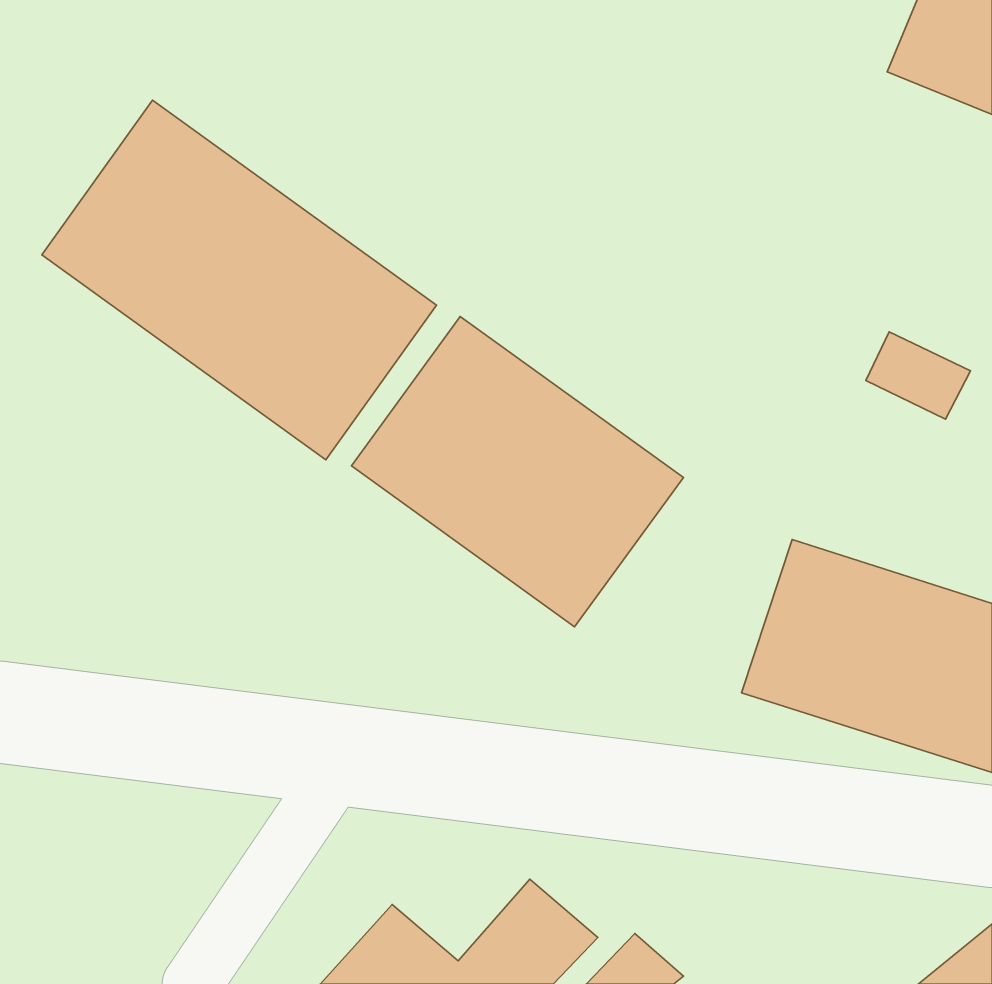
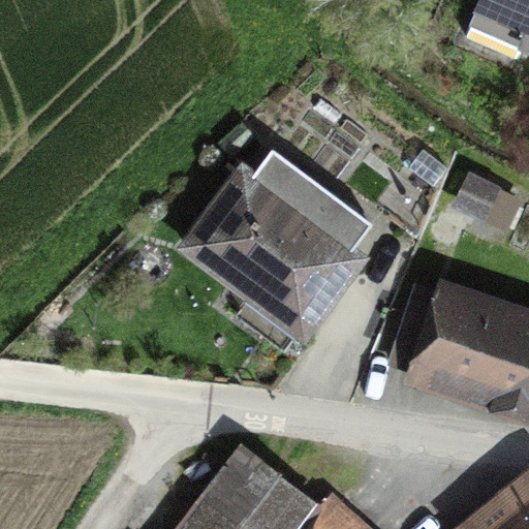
building: [42,100,436,460] -> none

